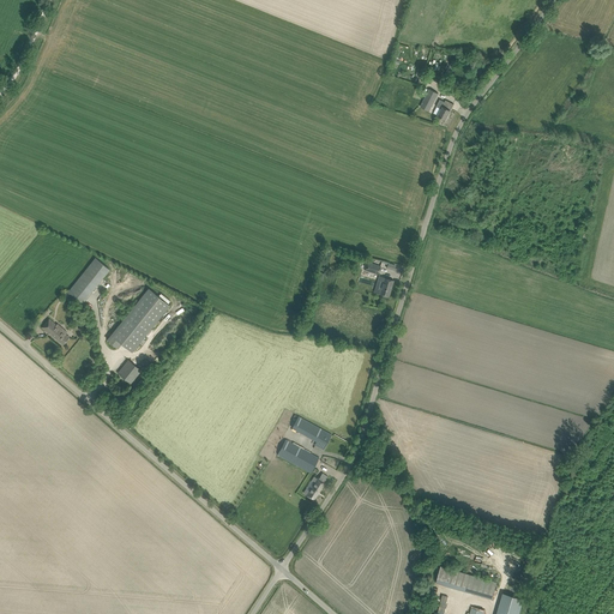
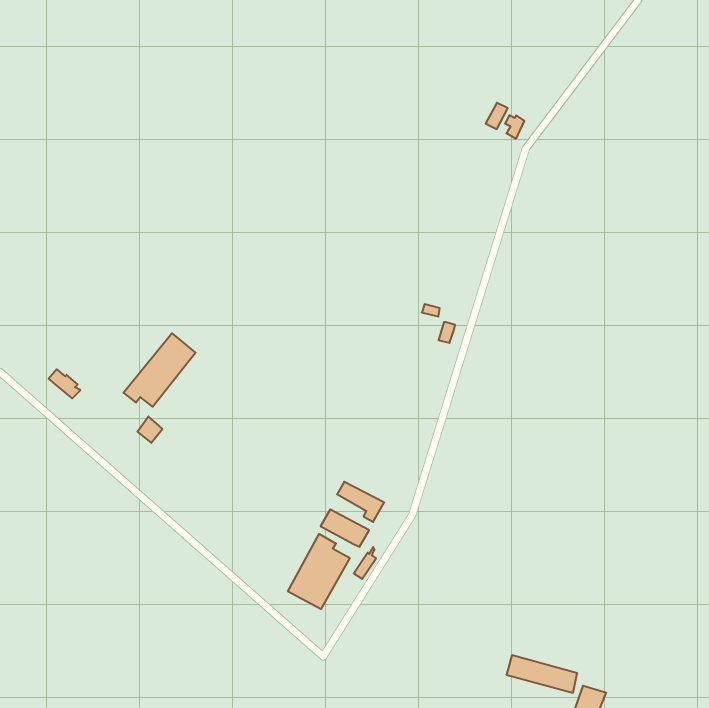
building: [68,259,109,303] -> none
building: none -> [288,534,350,609]

